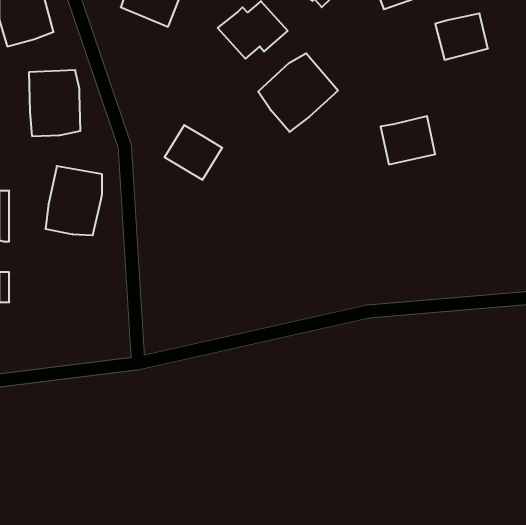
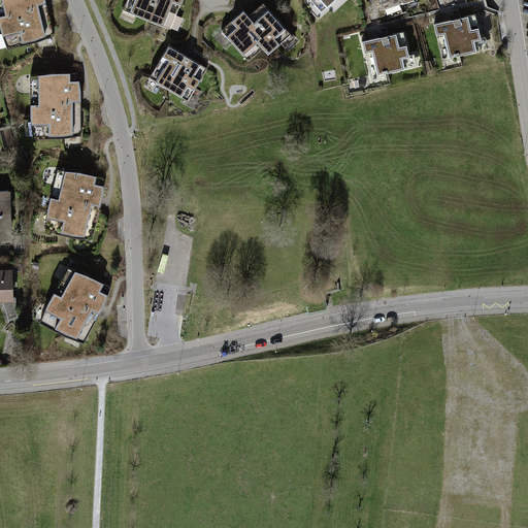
building: [258,53,338,132] -> none
building: [381,116,435,164] -> [362,31,417,79]
building: [164,125,222,180] -> [146,43,204,98]
building: none -> [39,264,109,340]

